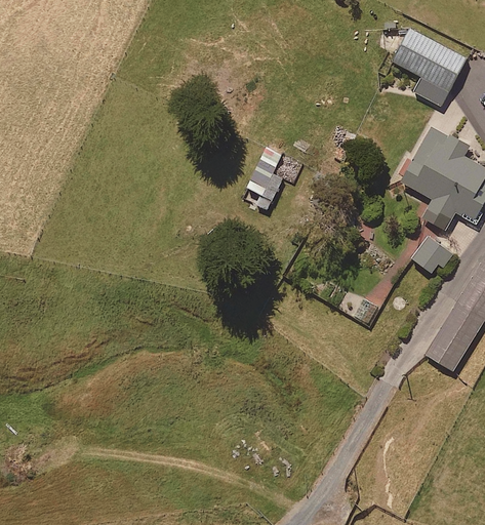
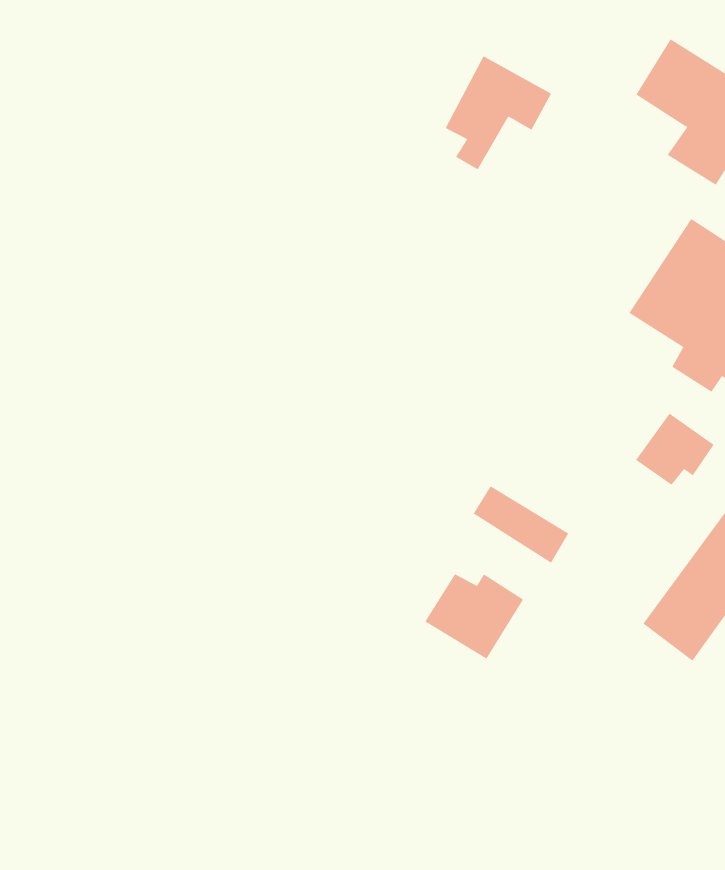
building: [247,147,305,210] -> [445,56,552,170]
building: none -> [424,573,524,659]

